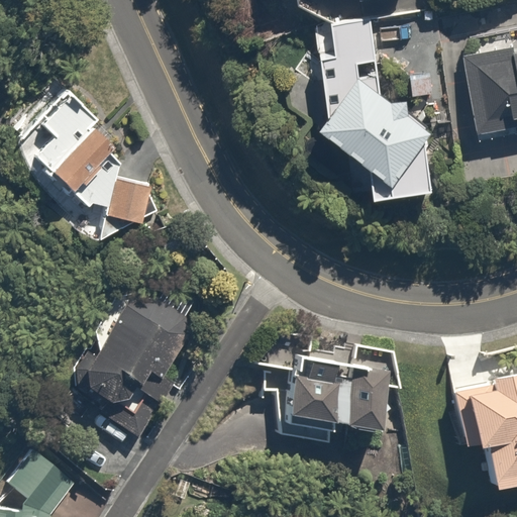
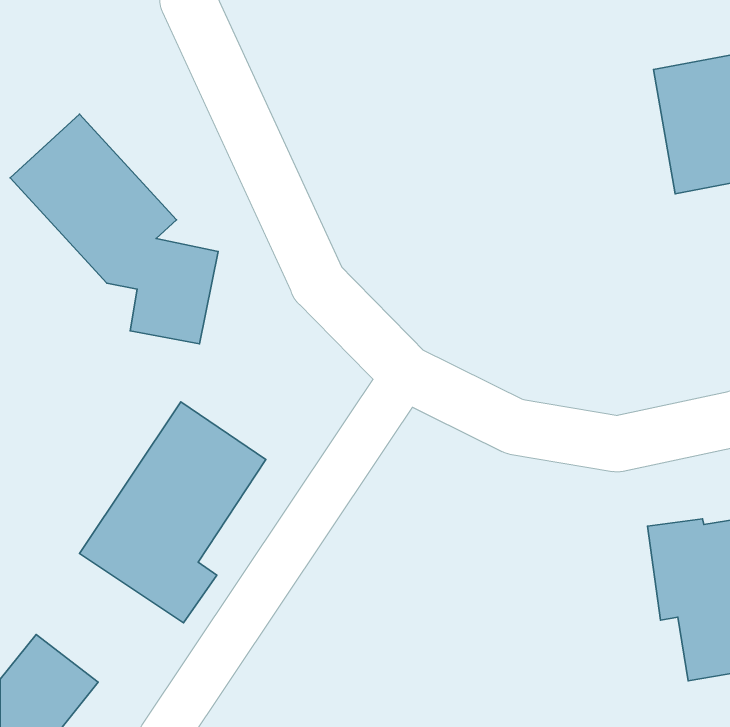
building: [313,18,430,187] -> none
building: [279,350,401,443] -> none

